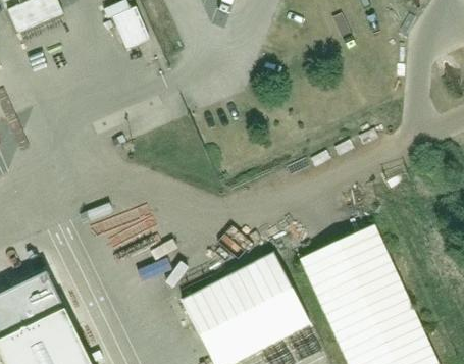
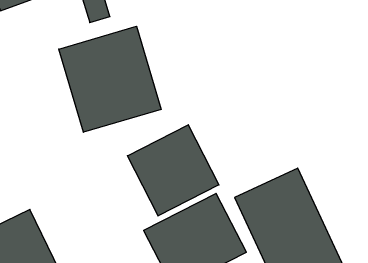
building: none -> [59,26,161,132]
building: none -> [127,125,219,216]

